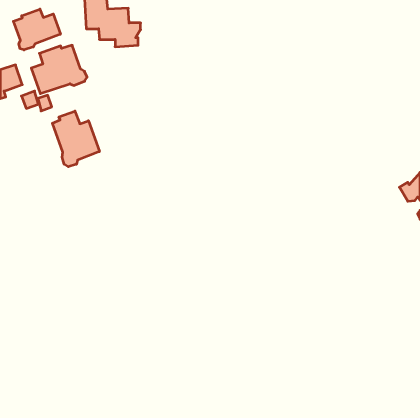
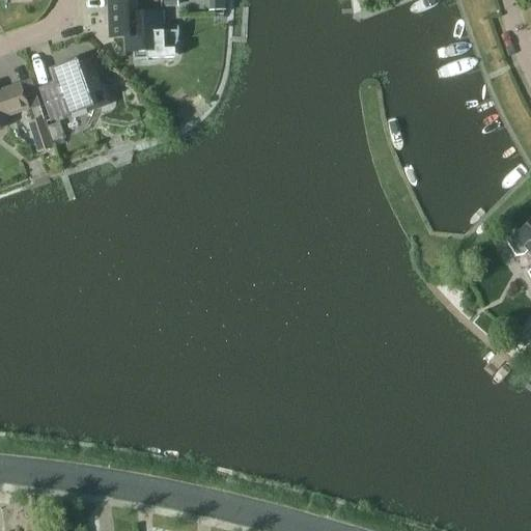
building: [13,9,60,50] -> none
building: [52,111,99,167] -> none

